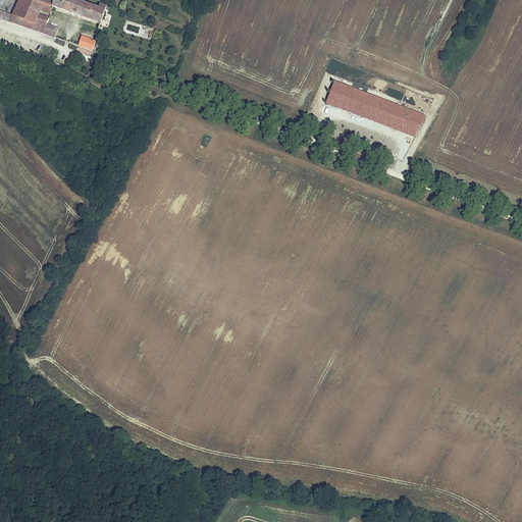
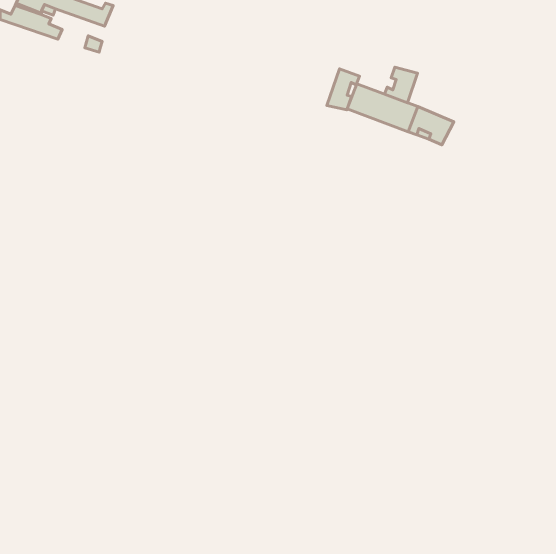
building: none -> [384,67,417,103]
building: none -> [327,69,359,110]

